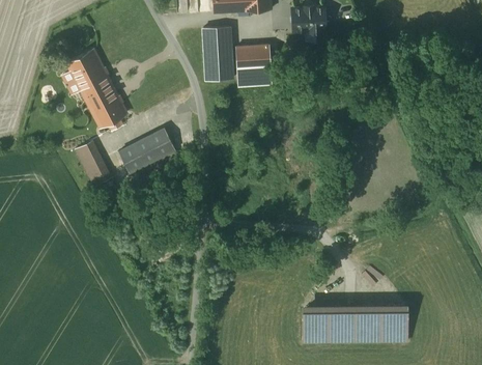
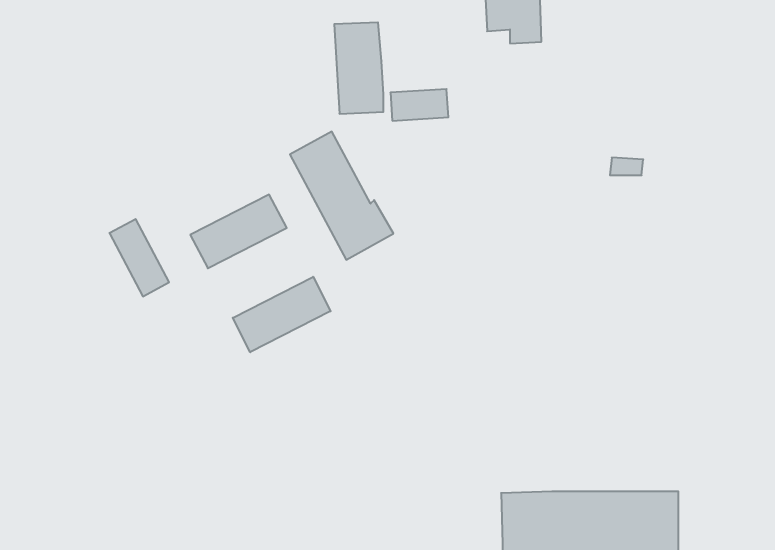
building: [235,46,270,68] -> none
building: [67,51,129,127] -> [290,132,393,260]
building: none -> [233,277,331,352]

